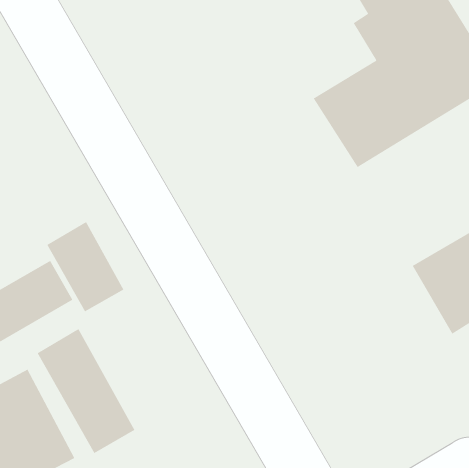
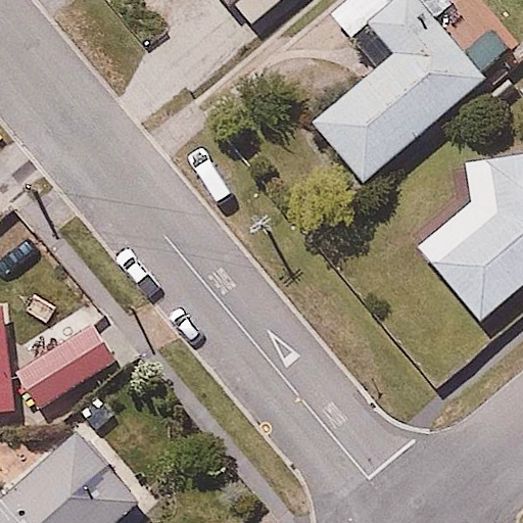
building: [47,221,124,312] -> none
building: [37,328,135,454] -> none

